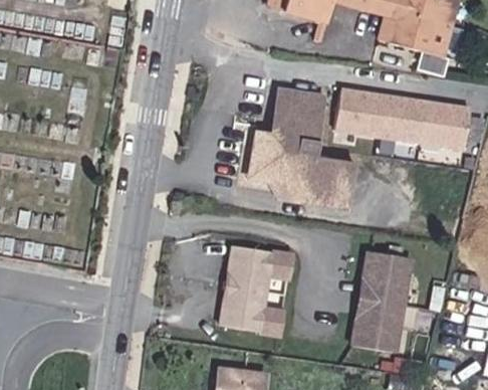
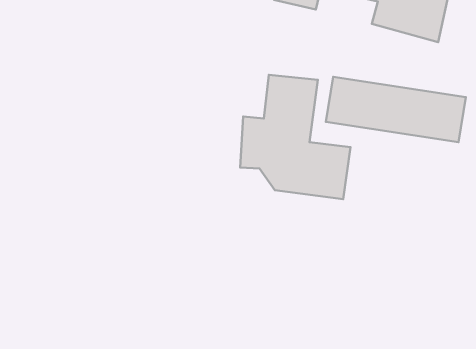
building: [218,245,294,339] -> none
building: [351,250,410,352] -> none

